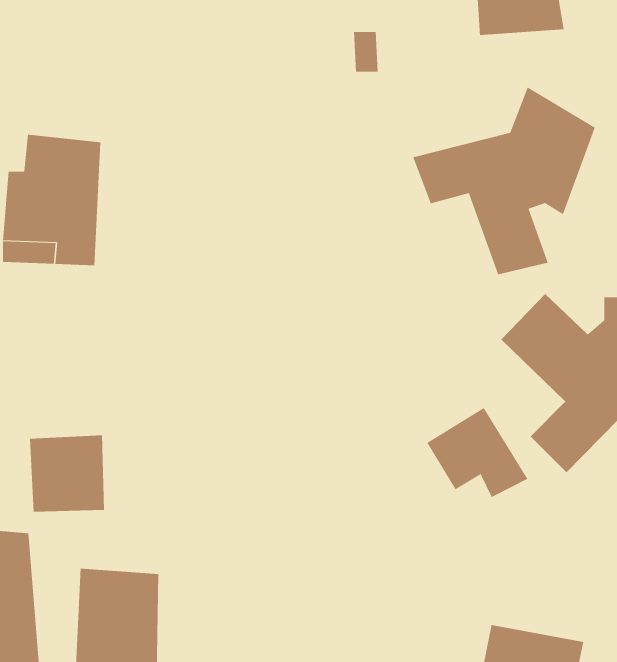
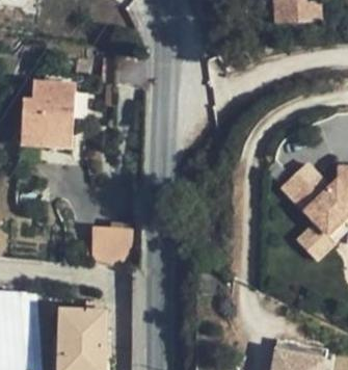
building: [413,86,595,275] -> none
building: [426,407,528,498] -> none
building: [29,435,105,512] -> [92,223,133,265]

